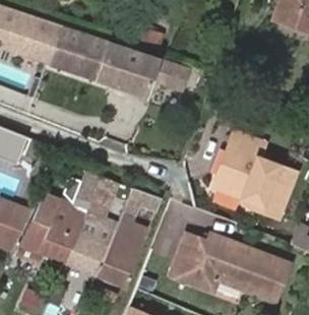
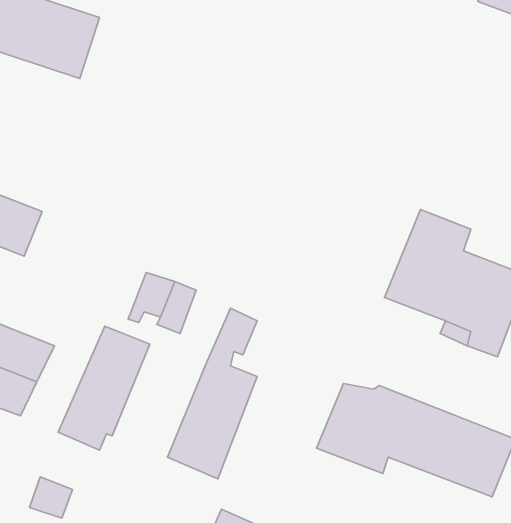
building: [47,26,189,93] -> none
building: [17,194,61,261] -> none
building: [65,211,118,275] -> none

